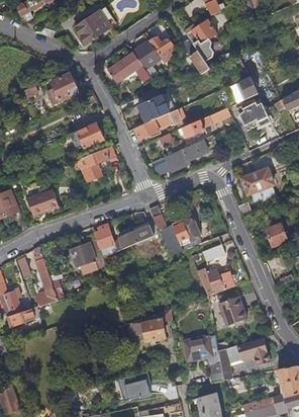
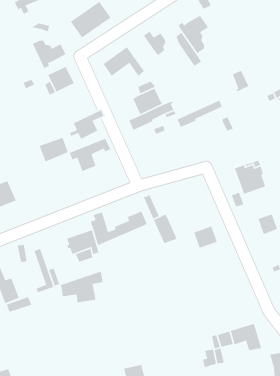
building: [132,40,160,68] -> none
building: none -> [32,40,66,69]
building: [236,98,270,122] -> none
building: [165,134,217,170] -> none
building: [27,189,59,216] -> [38,137,69,162]
building: [174,219,201,245] -> none
building: [198,268,234,295] -> none
building: [218,296,246,325] -> none
building: [128,308,173,341] -> [60,271,104,303]
building: [184,336,213,359] -> none

